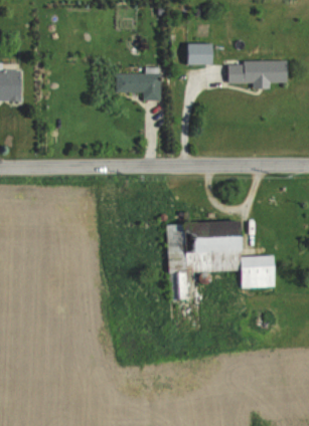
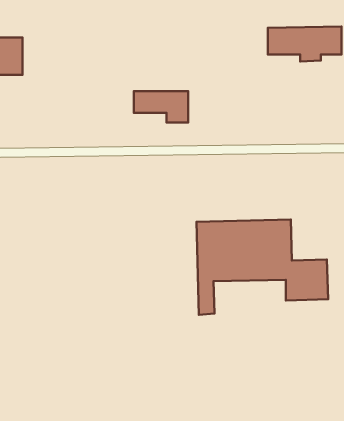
building: [184,43,214,64] -> none
building: [115,73,160,99] -> [134,91,188,123]

